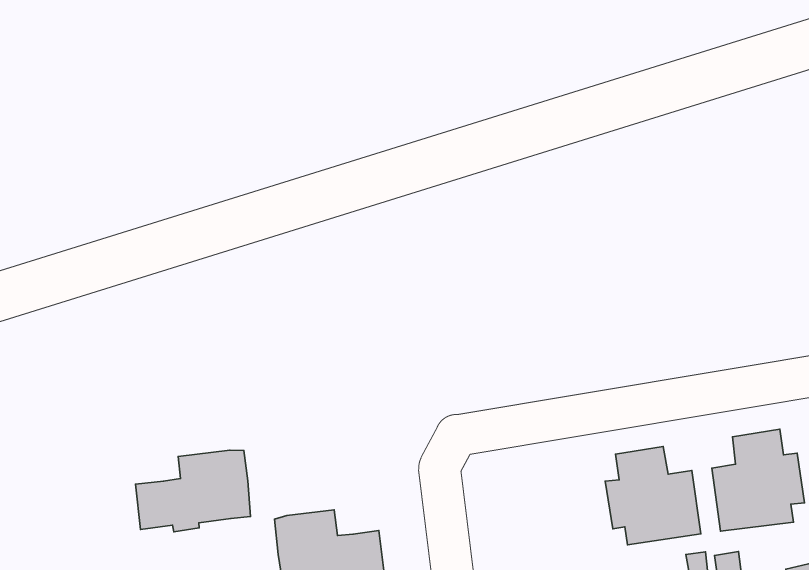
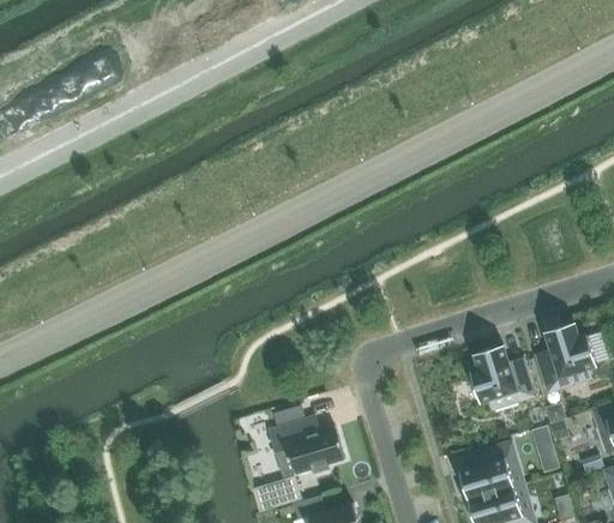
building: [135,450,251,532] -> none

